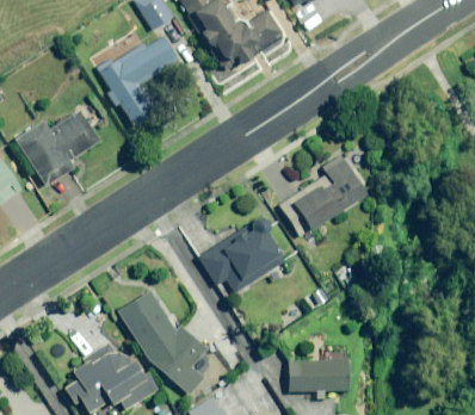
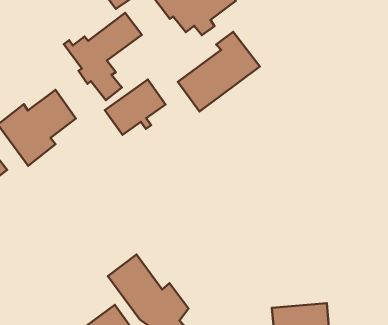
building: none -> [105,80,165,135]
building: [279,155,368,236] -> [178,32,260,111]
building: [198,217,285,292] -> none

